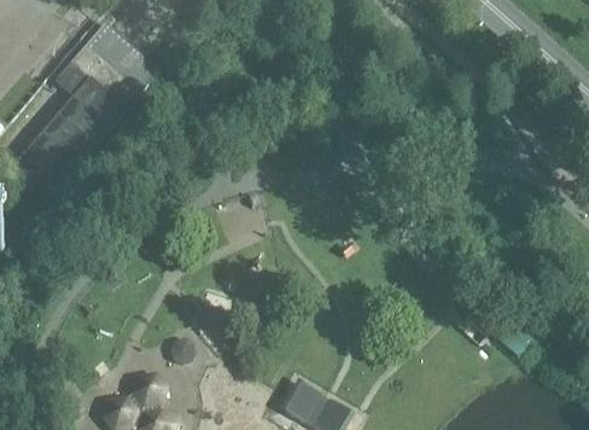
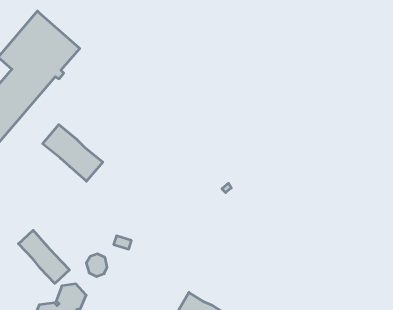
building: none -> [43,125,103,181]
building: none -> [18,230,69,283]

